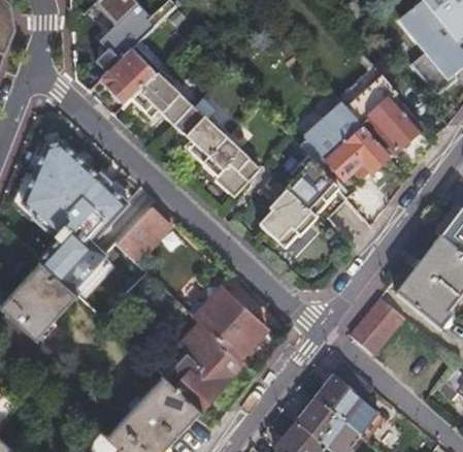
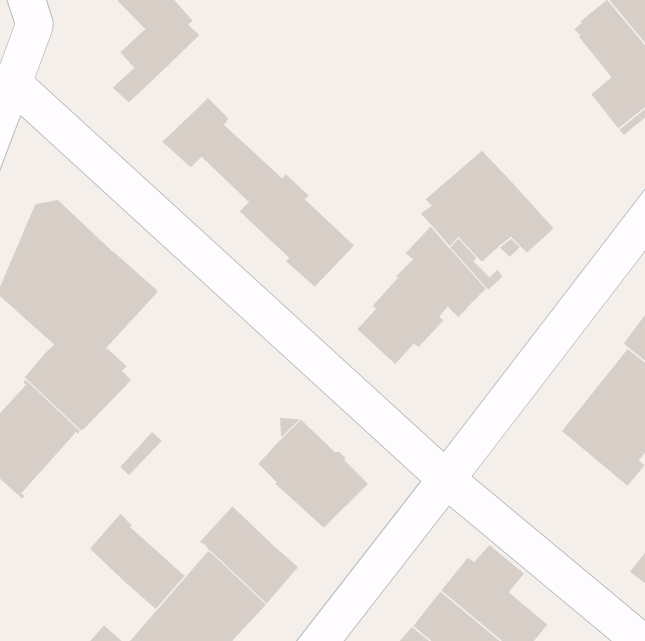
building: [101,54,154,106] -> none
building: [340,69,422,153] -> none
building: [117,205,171,262] -> none
building: [353,298,404,355] -> none
building: [177,319,242,384] -> [89,513,187,610]

